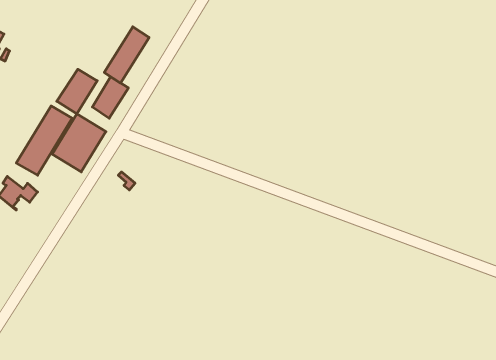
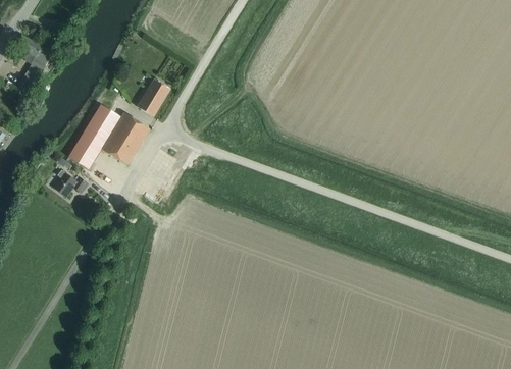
building: [104,27,149,83] -> none
building: [57,69,97,114] -> none

